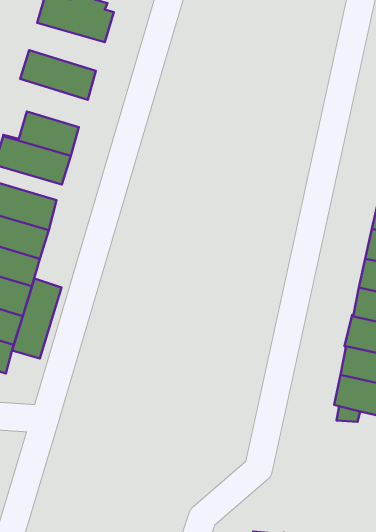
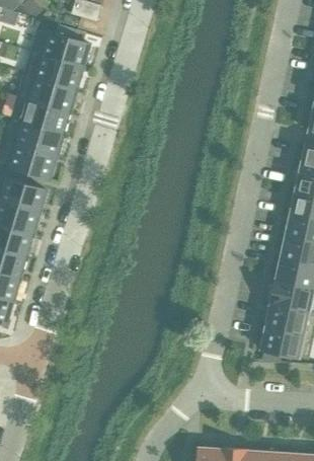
building: none -> [24,52,83,89]
building: none -> [11,95,70,133]
building: [12,278,61,358] -> none

